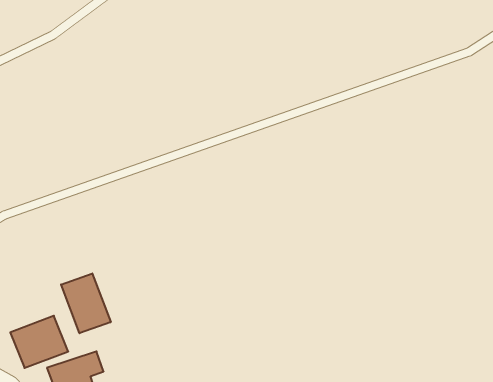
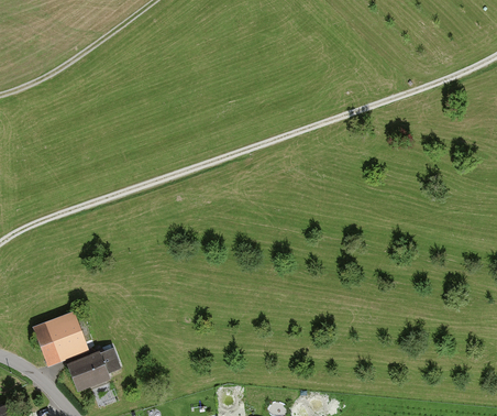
building: [61,273,111,333] -> none

